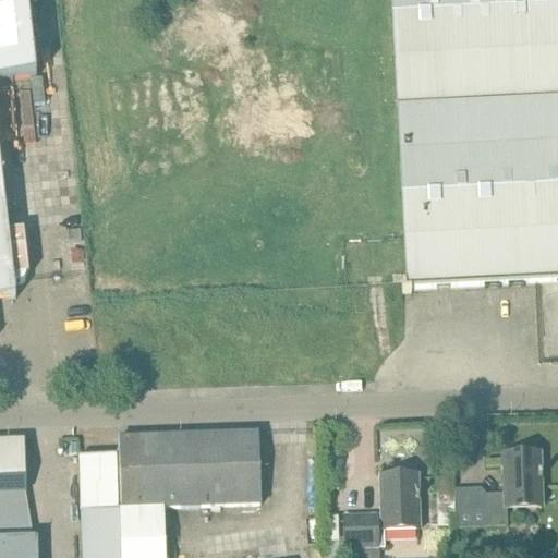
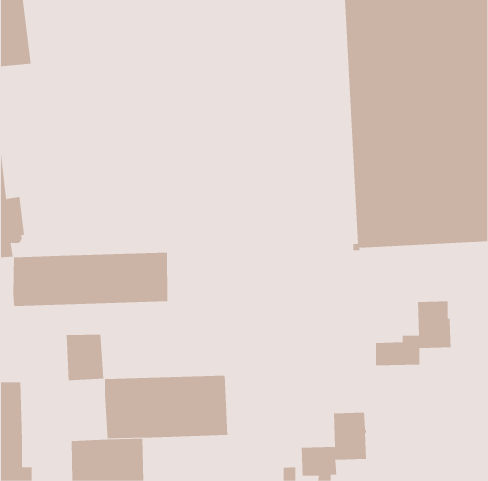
building: none -> [13,252,168,307]
building: [456,449,543,523] -> [375,301,452,366]
building: [78,450,122,504] -> [66,334,104,381]

